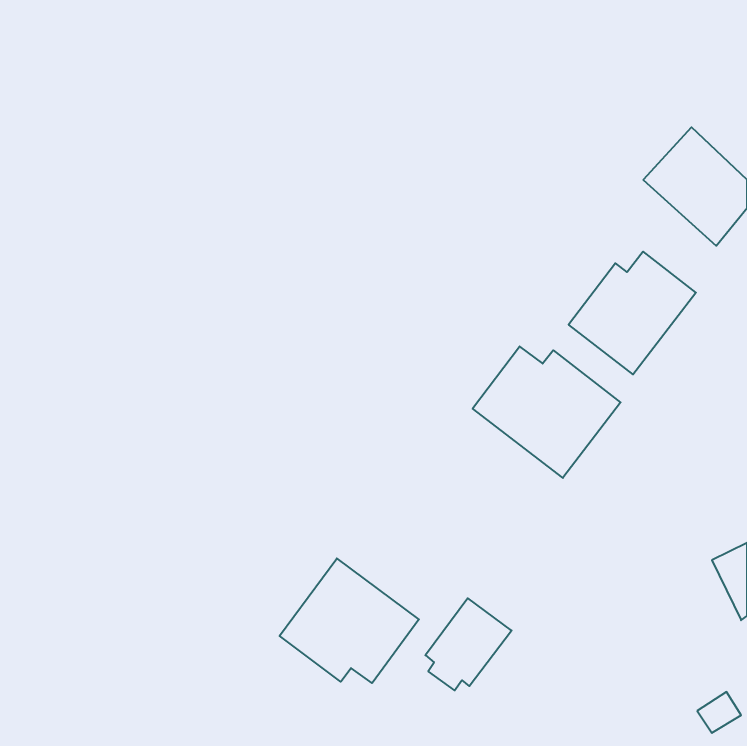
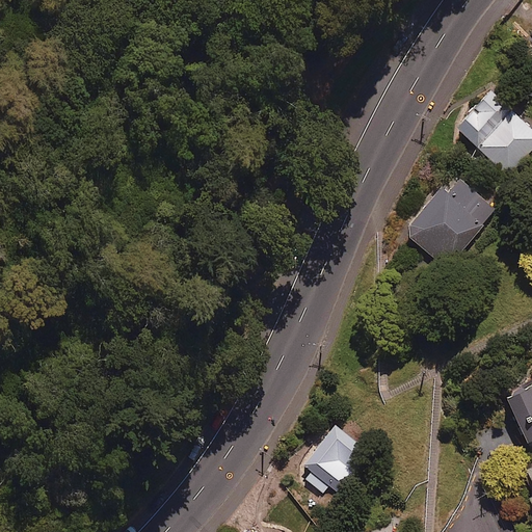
building: [473,346,621,478] -> none
building: [280,558,419,683] -> none

